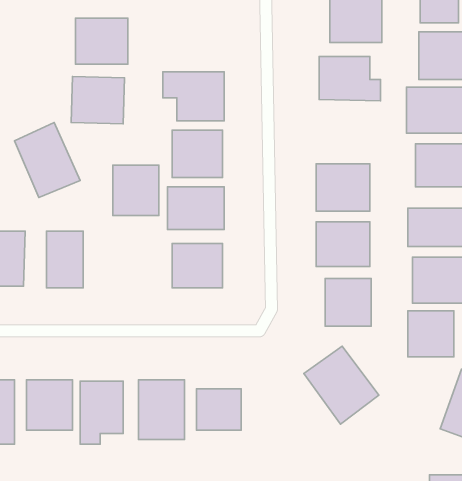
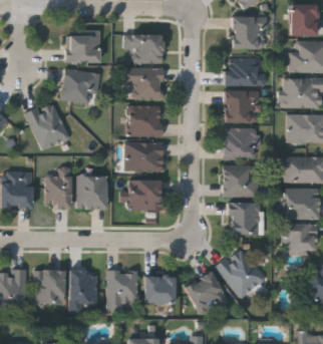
building: none -> [123,35,163,62]
building: none -> [225,90,260,122]
building: [113,165,159,216] -> [77,176,107,209]
building: none -> [186,271,227,314]

